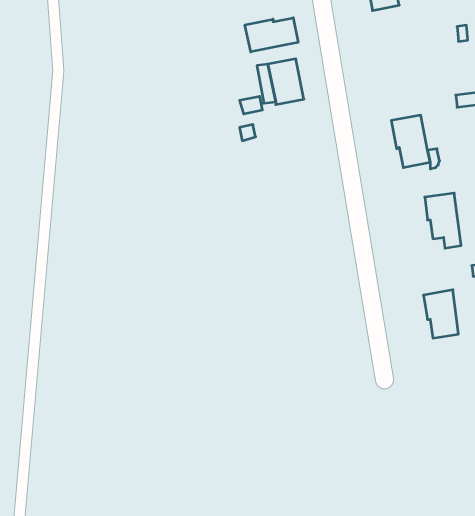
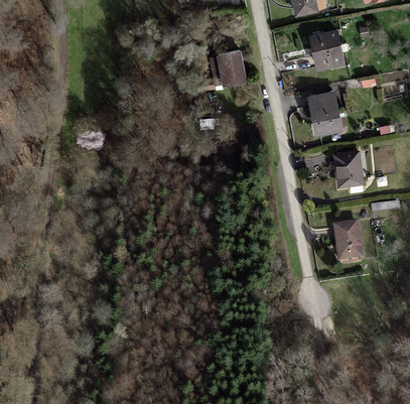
building: [245,18,298,52] -> none
building: none -> [311,30,348,68]

